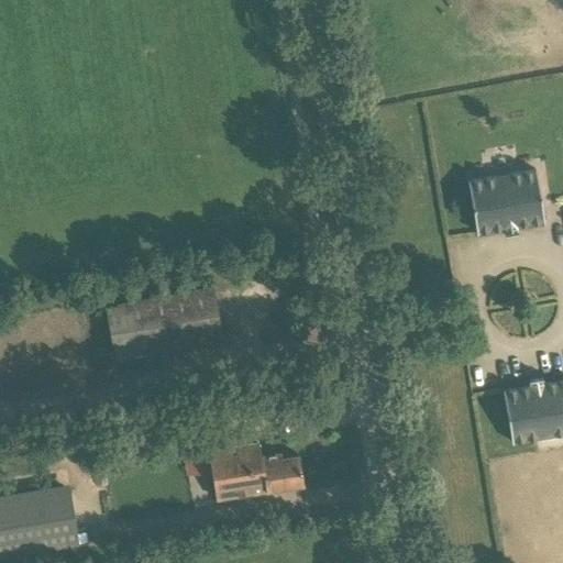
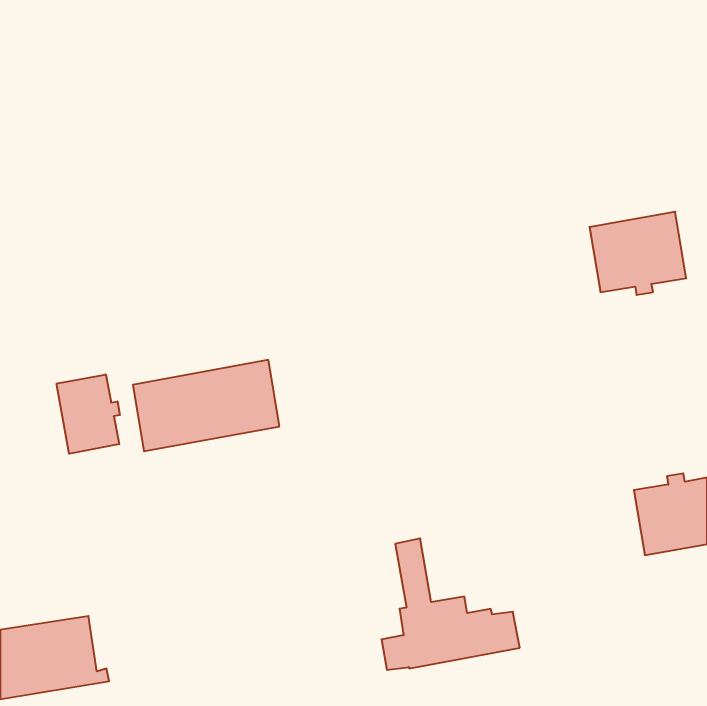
building: none -> [57,374,120,454]
building: [195,396,305,500] -> [381,538,520,670]

